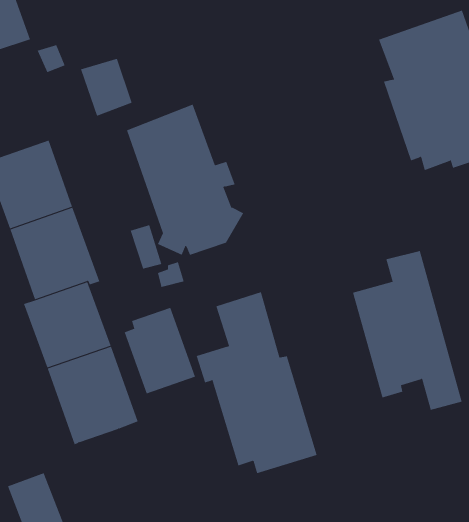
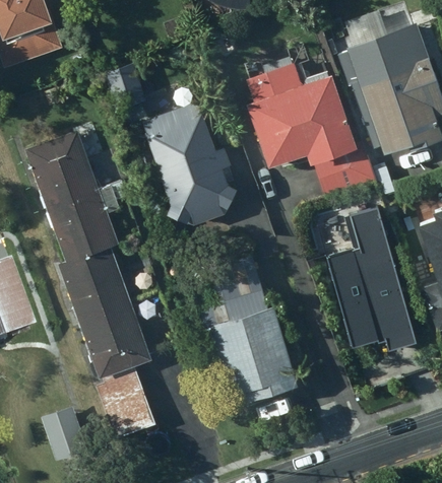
building: none -> [246,54,375,196]
building: [124,307,196,394] -> [97,365,155,436]

